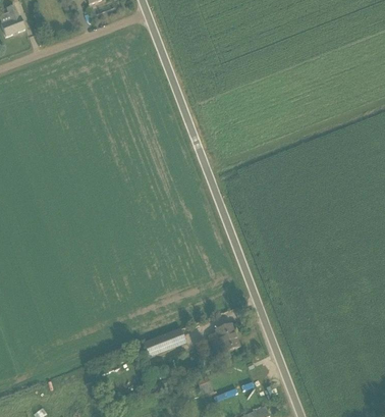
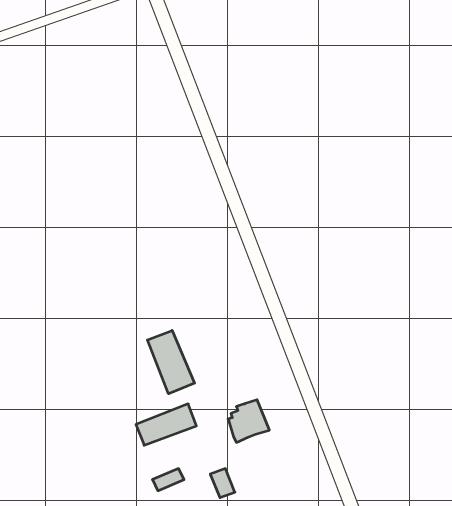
building: none -> [147,330,195,394]

